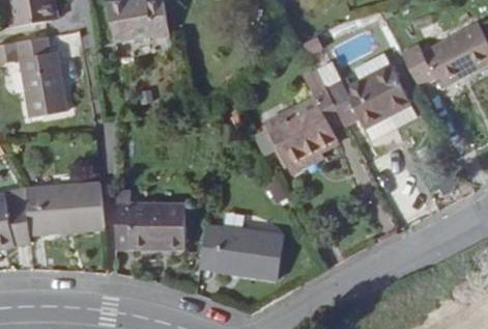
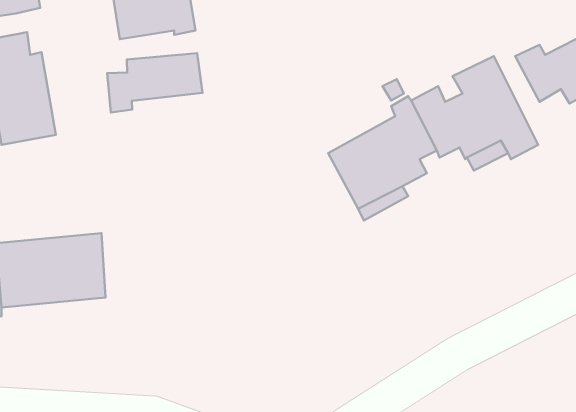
building: none -> [107,53,202,113]
building: [114,192,184,250] -> none
building: [198,224,283,281] -> none

